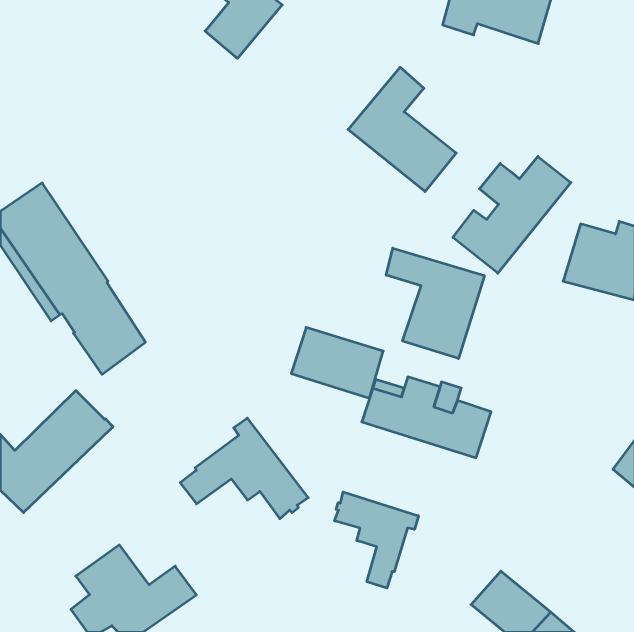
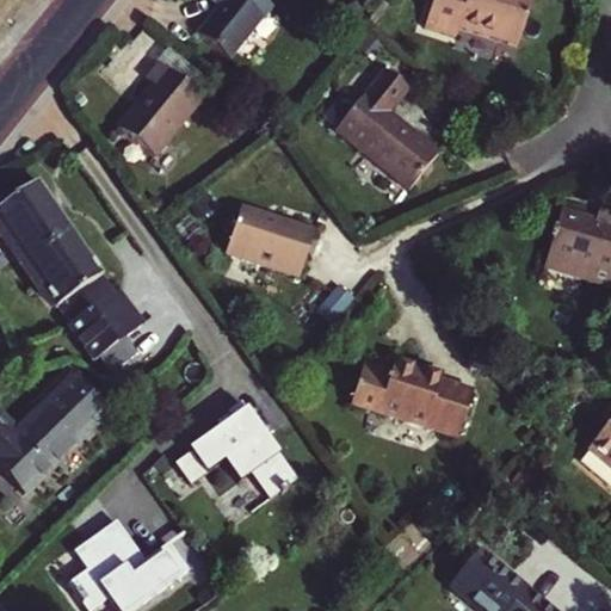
building: none -> [117,60,205,154]
building: [453,156,571,273] -> none
building: [386,248,484,359] -> none
building: [291,327,383,398] -> [224,202,313,270]
building: [335,492,418,588] -> none

